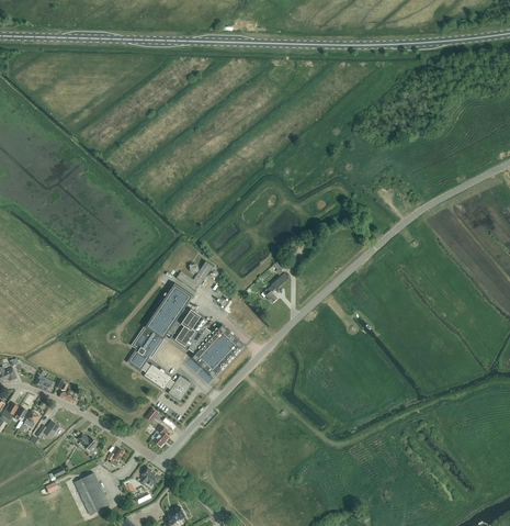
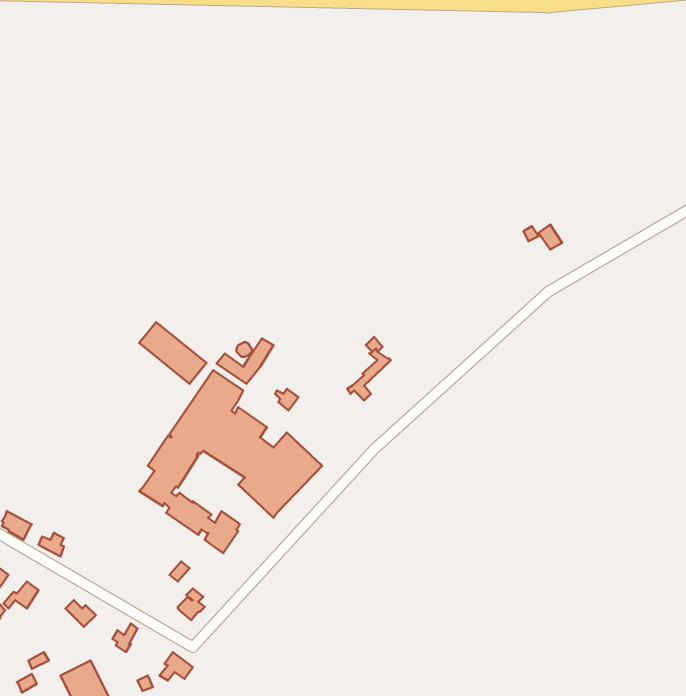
building: none -> [139,322,207,384]

